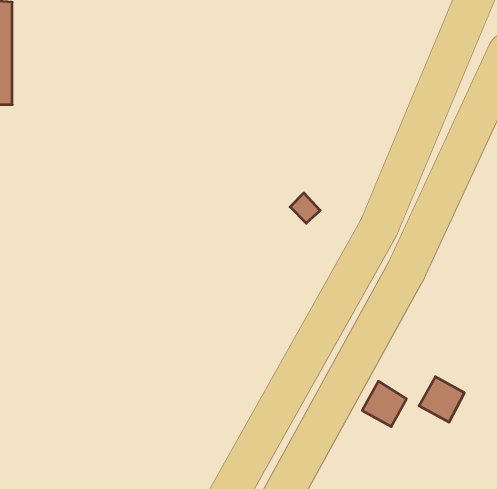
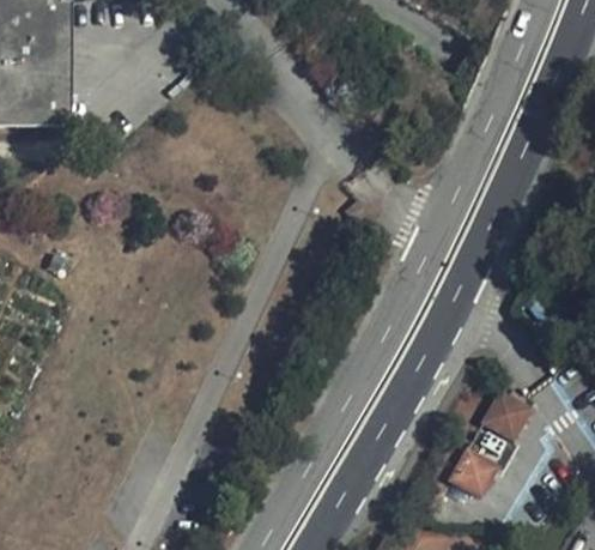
building: [362,381,406,427] -> [450,451,496,497]

